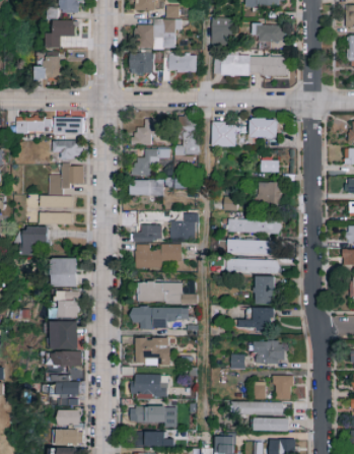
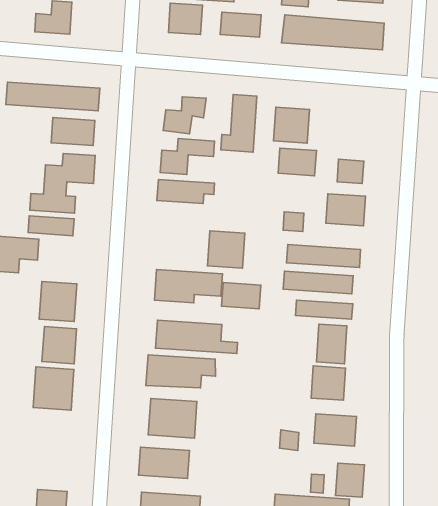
building: [251,120,277,138] -> [278,148,316,176]
building: [134,224,161,242] -> [221,282,261,309]
building: [50,351,81,405] -> none

